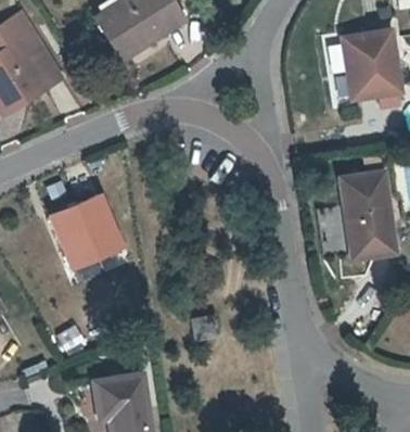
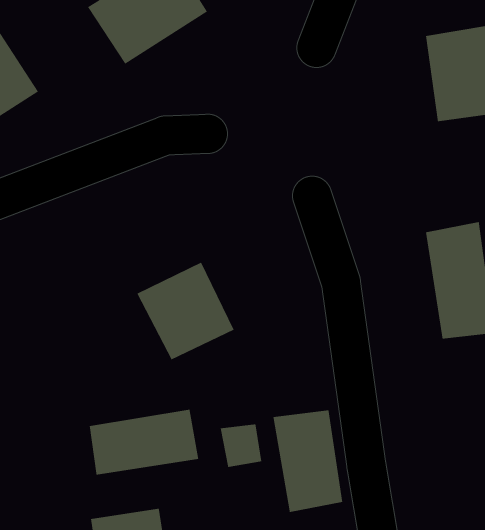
building: [52,198,123,268] -> [137,262,235,360]
building: none -> [89,409,199,475]
building: none -> [273,409,343,513]

